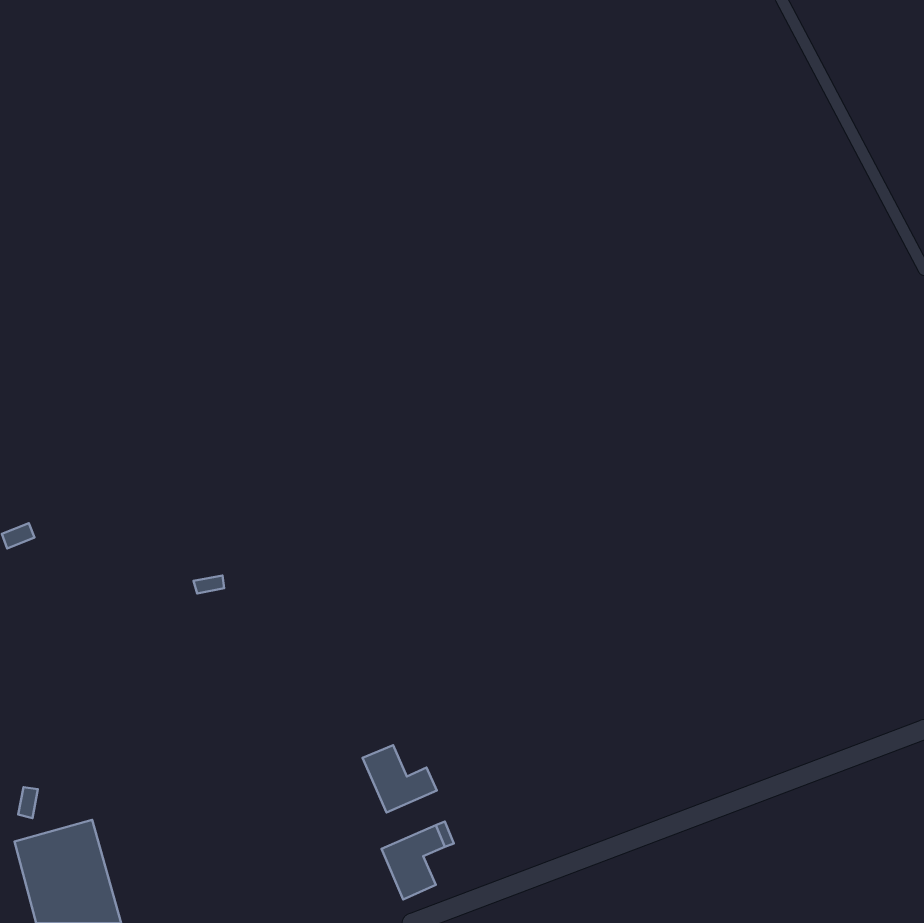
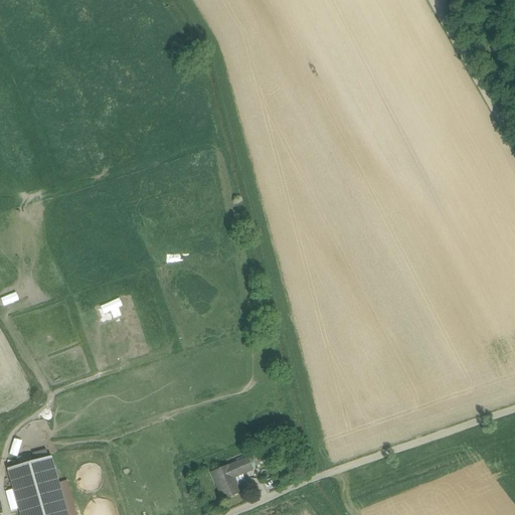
building: [363,745,437,813] -> none

